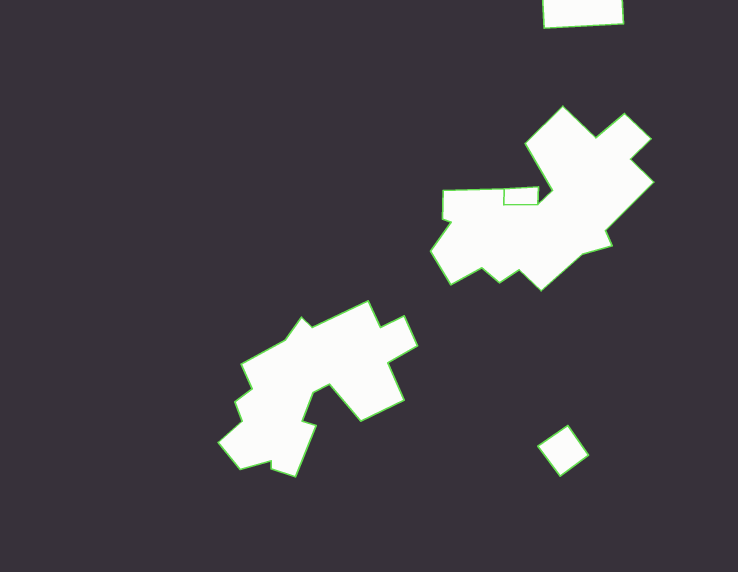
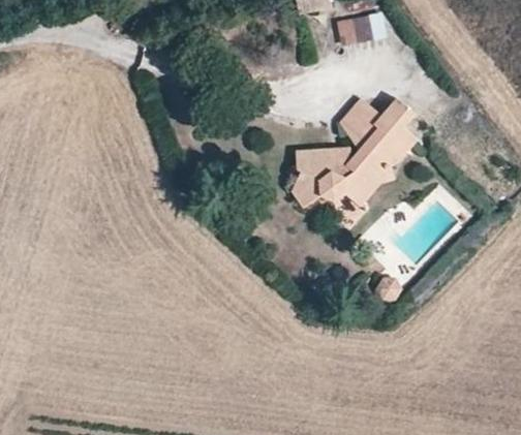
building: [218,301,417,477] -> none

